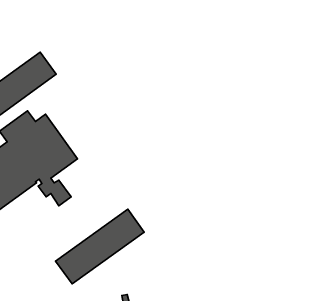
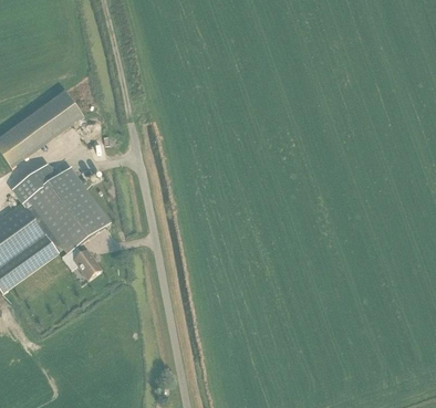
building: [56,209,144,284] -> none

